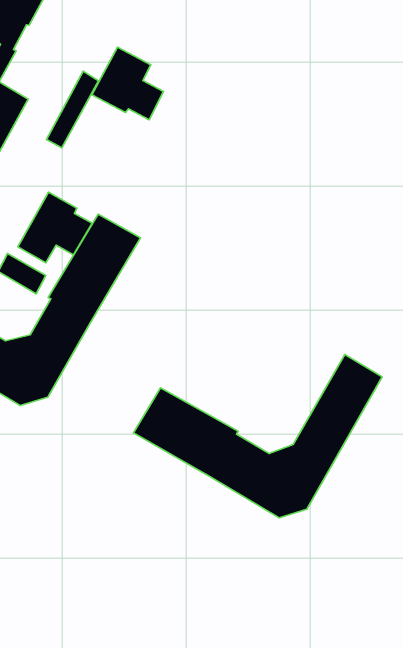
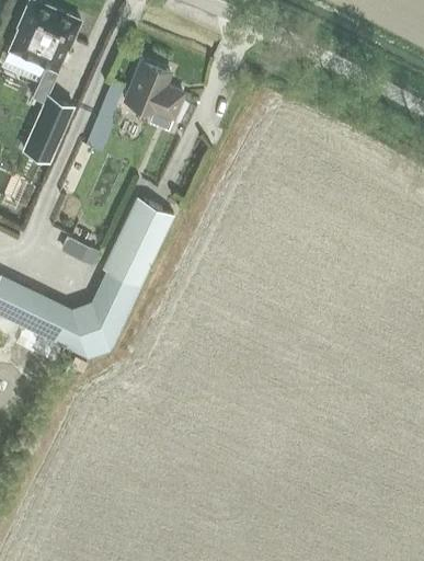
building: [18,192,92,263] -> none
building: [133,355,382,518] -> none

